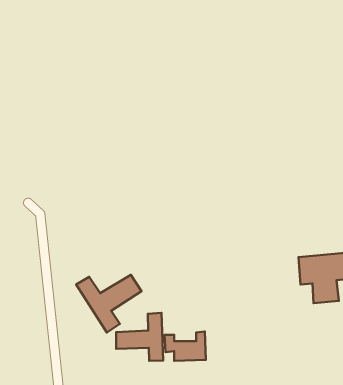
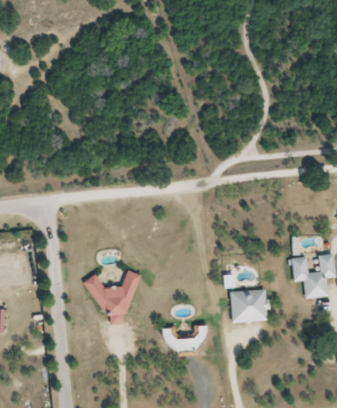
building: none -> [229,288,268,322]
building: [116,313,163,361] -> none

